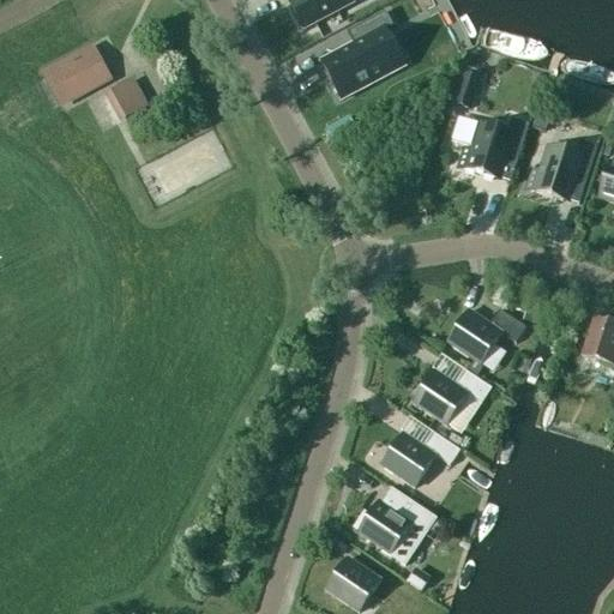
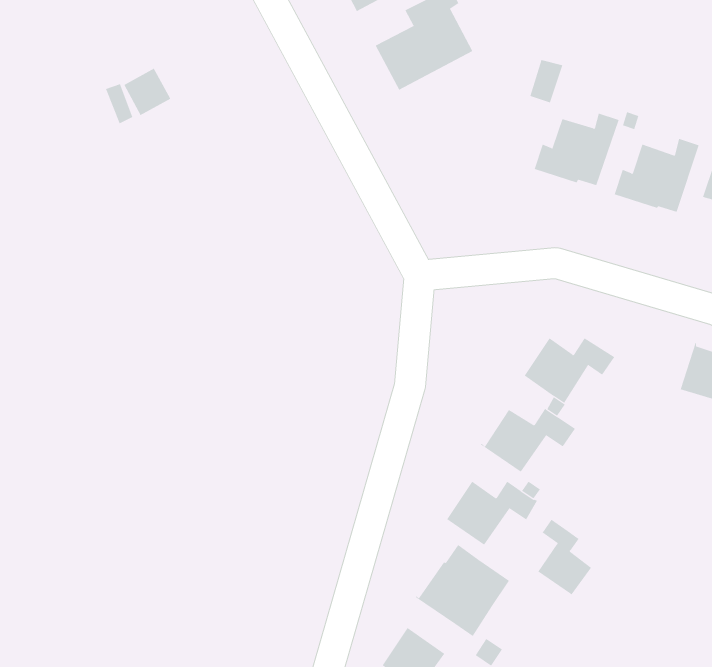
building: [41,42,108,106] -> none
building: none -> [537,519,592,598]

